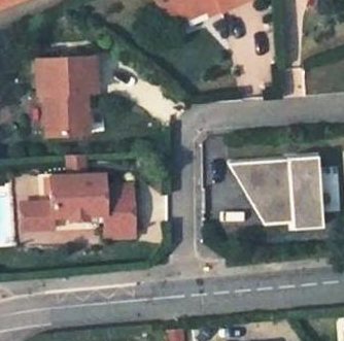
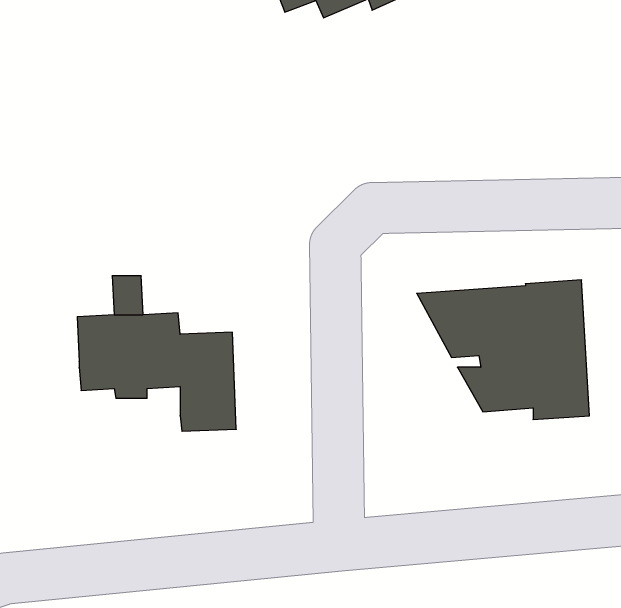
building: [38,55,97,134] -> none
building: [21,202,53,229] -> none

